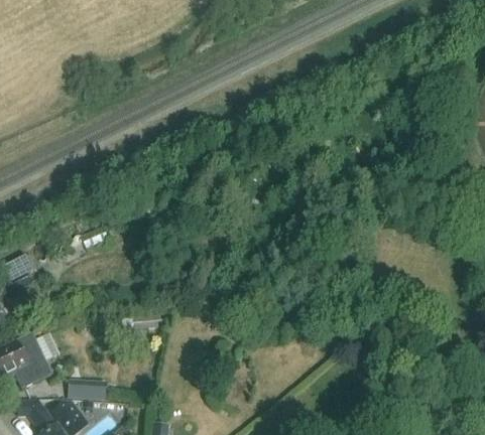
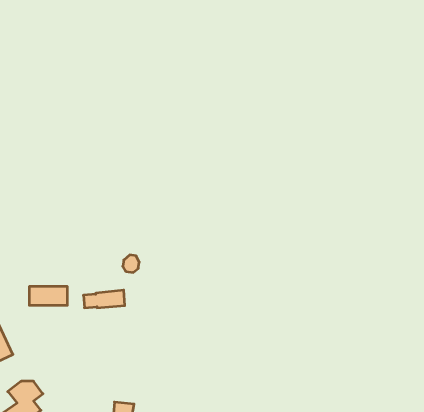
building: [70,382,107,400] -> [29,287,67,305]

